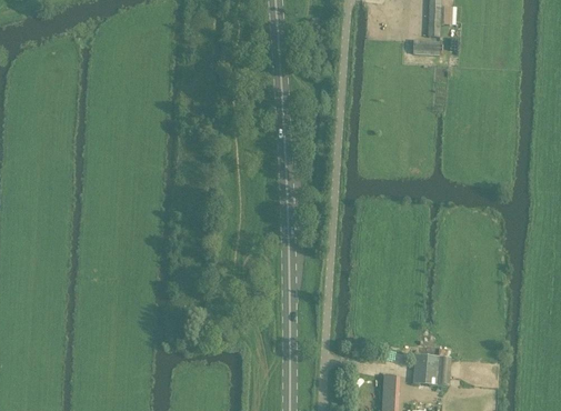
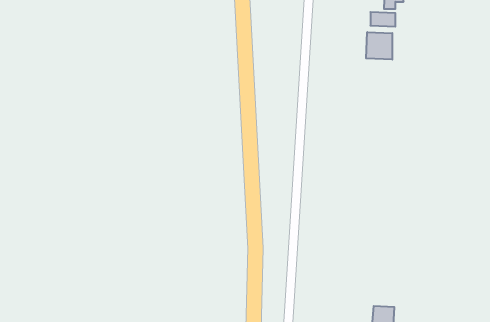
building: none -> [366,32,392,60]

